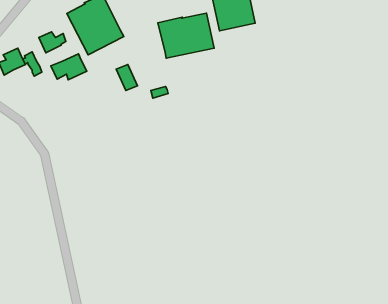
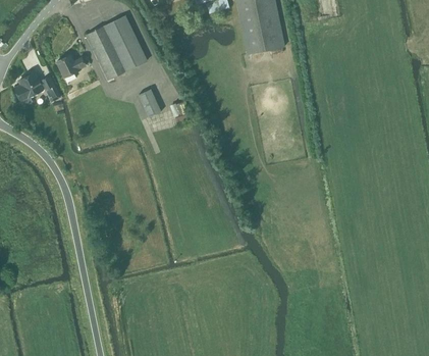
building: [158,13,214,58] -> none
building: [51,54,87,80] -> none

